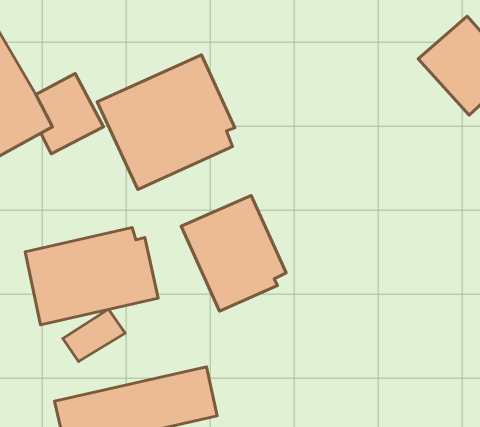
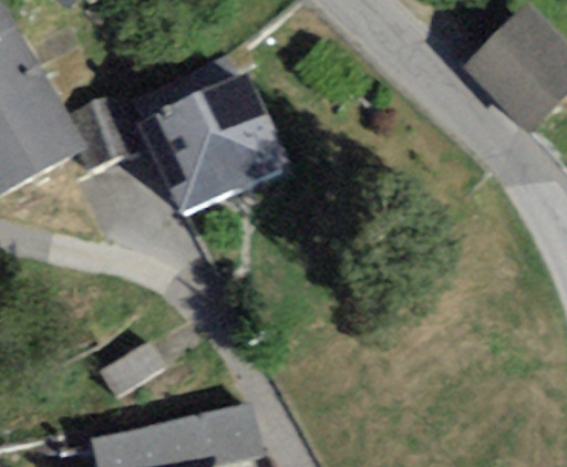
building: [181,196,286,311] -> none
building: [25,227,158,325] -> none

